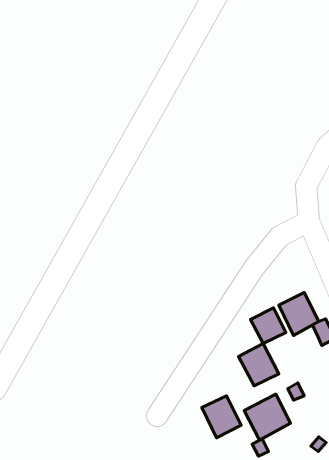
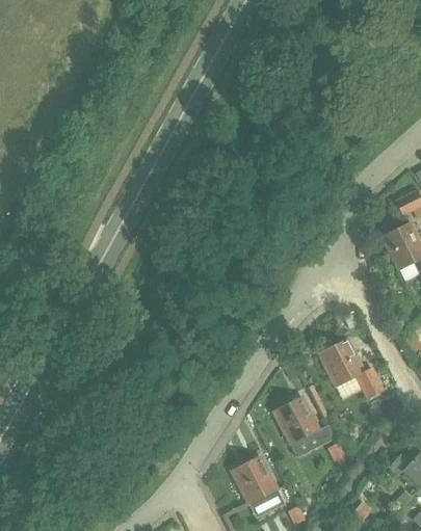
building: [251,308,286,344] -> none
building: [244,394,291,440] -> none

